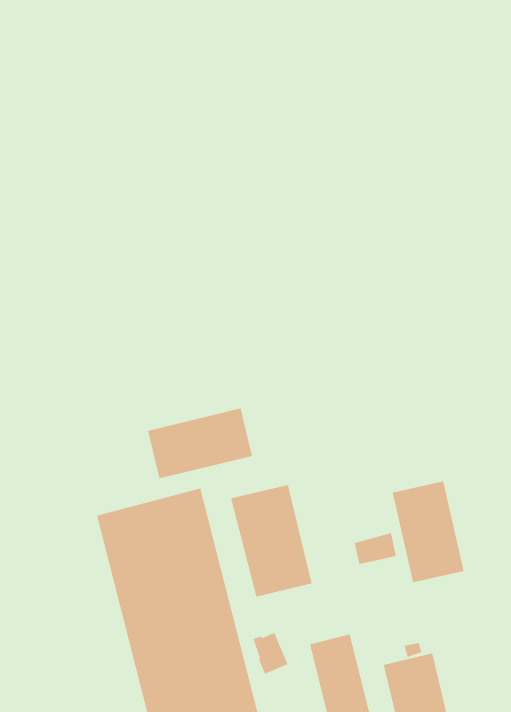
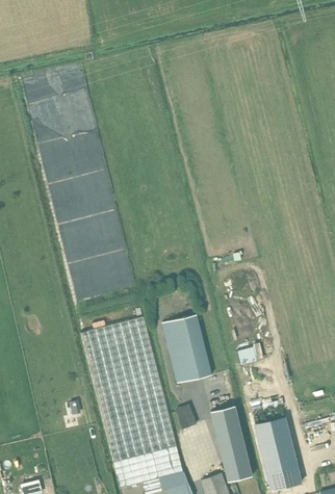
building: [147,408,253,479] -> none
building: [392,480,465,583] -> none

